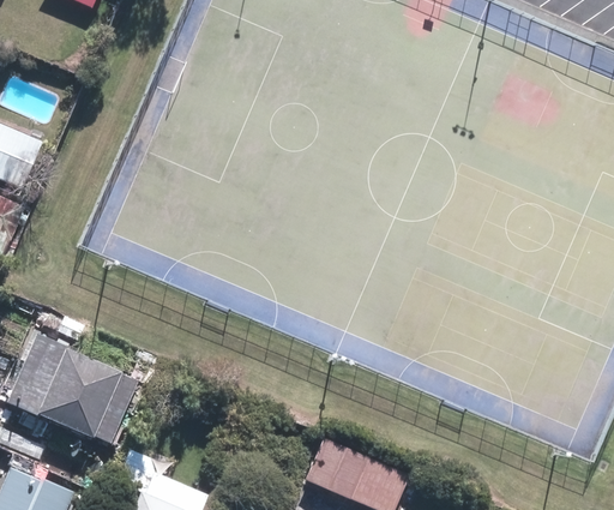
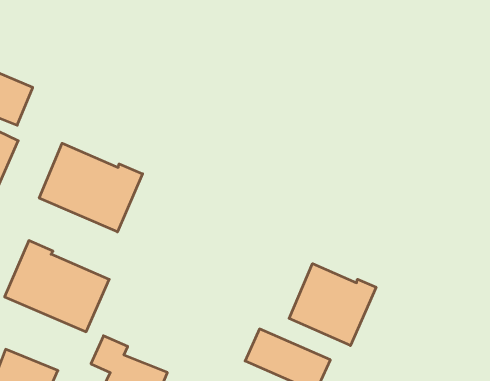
building: none -> [39,143,143,232]
building: none -> [289,264,376,346]

